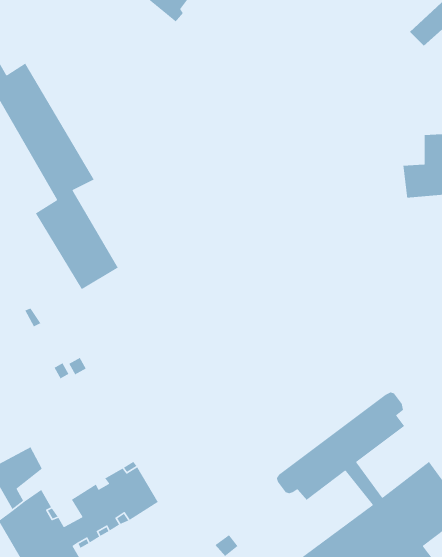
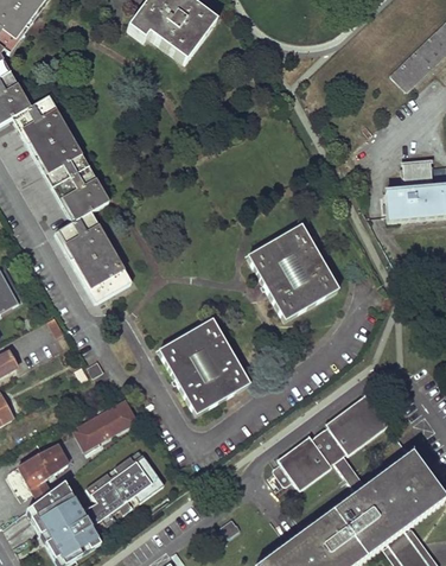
building: none -> [247,225,336,319]
building: none -> [160,319,249,414]
building: none -> [74,400,135,449]

